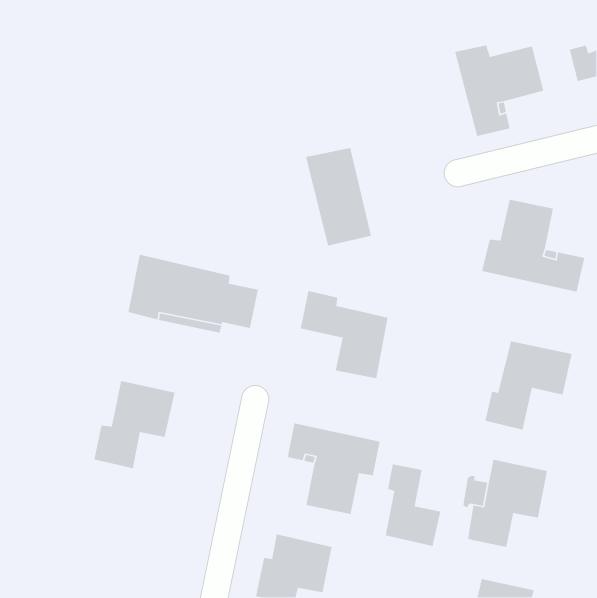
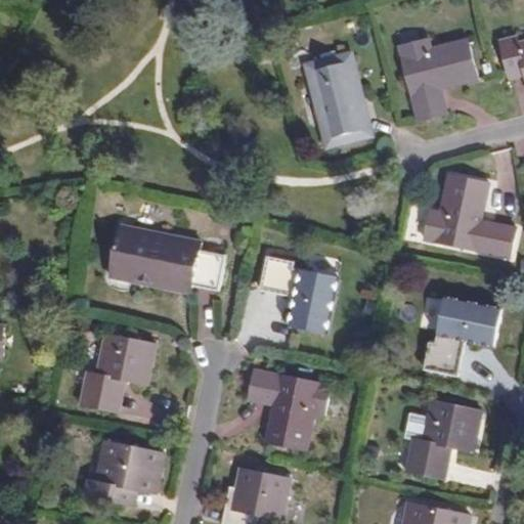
building: [305,147,372,247] -> [307,55,365,142]
building: [385,463,441,547] -> none
building: none -> [95,441,162,501]

